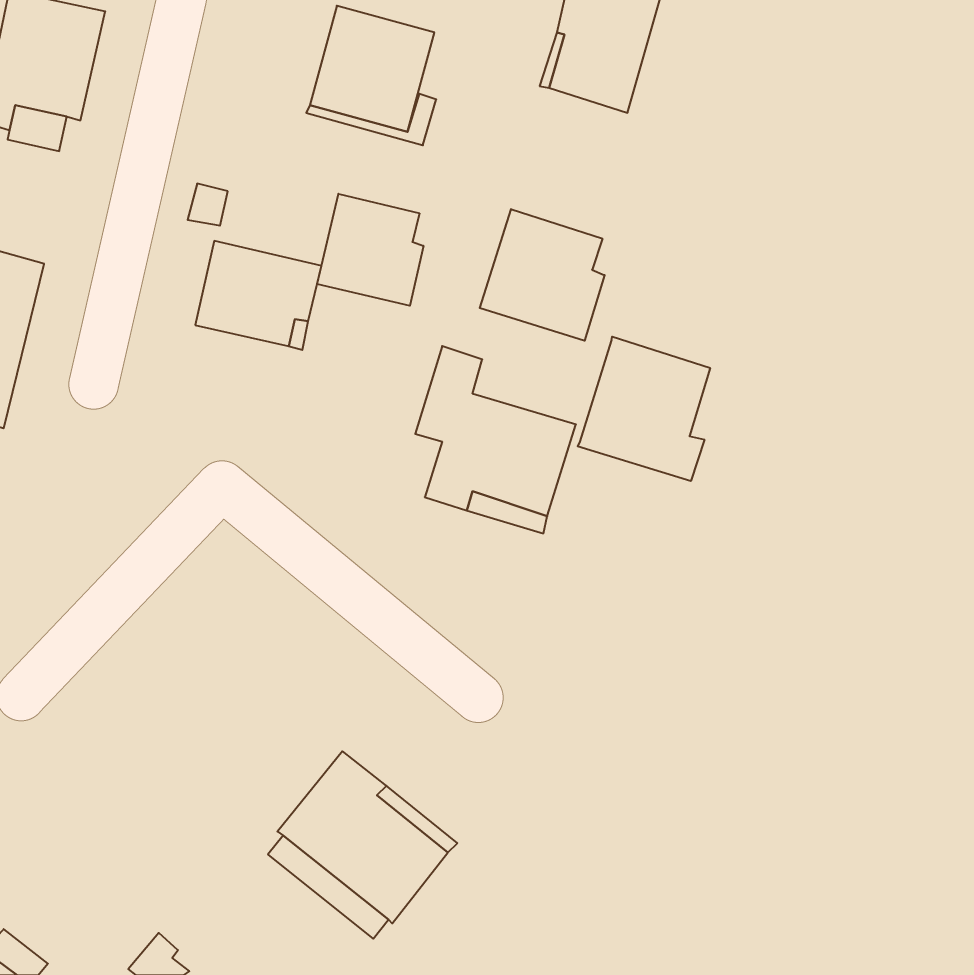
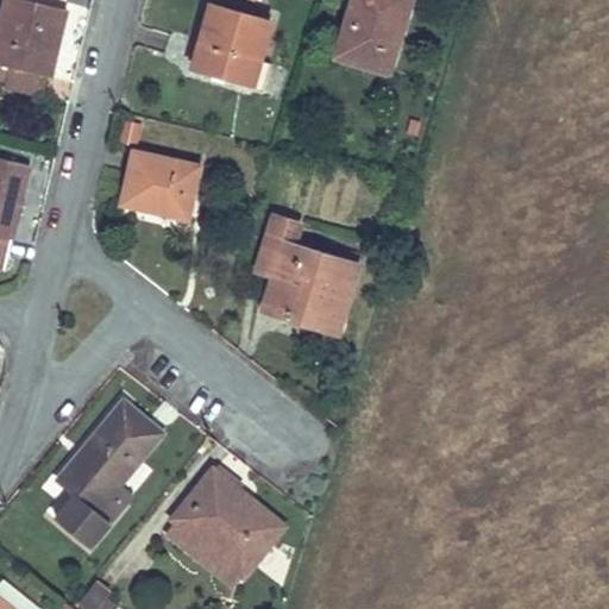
building: [317,194,423,306] -> none
building: [480,209,605,341] -> none
building: [578,337,710,481] -> none
building: none -> [56,401,162,546]

